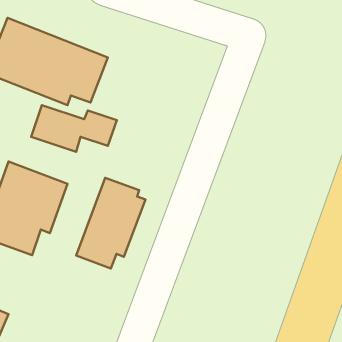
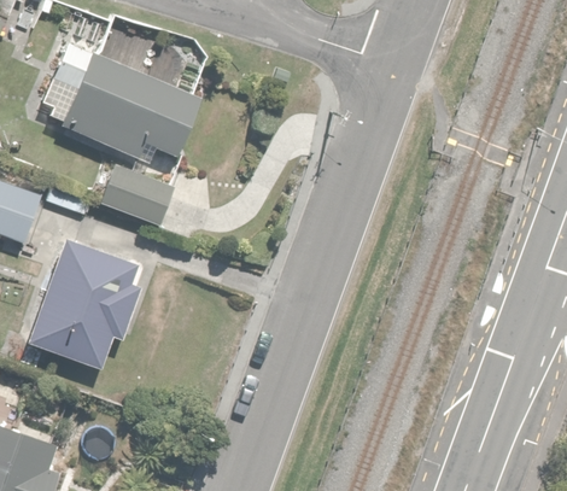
building: [76,178,145,268] -> none

